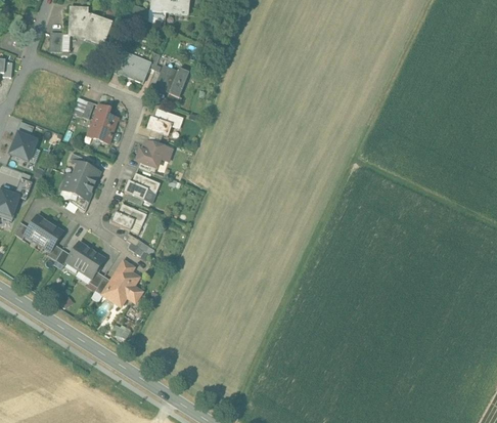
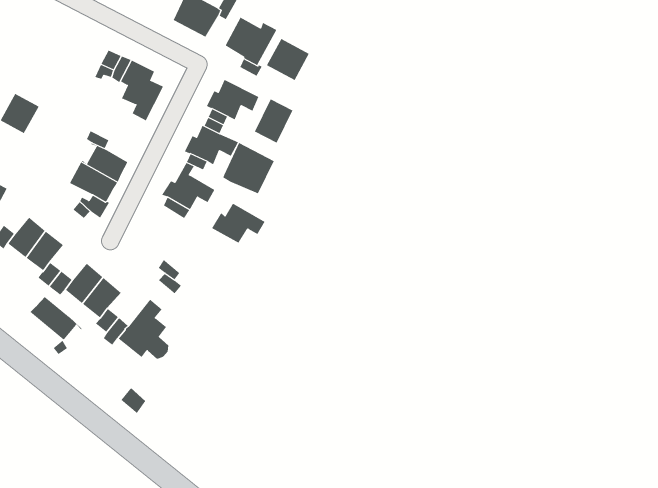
building: none -> [266,38,310,81]
building: none -> [254,99,293,143]
building: none -> [223,142,274,194]
building: [110,204,146,230] -> [211,203,266,243]
building: none -> [29,296,82,345]

